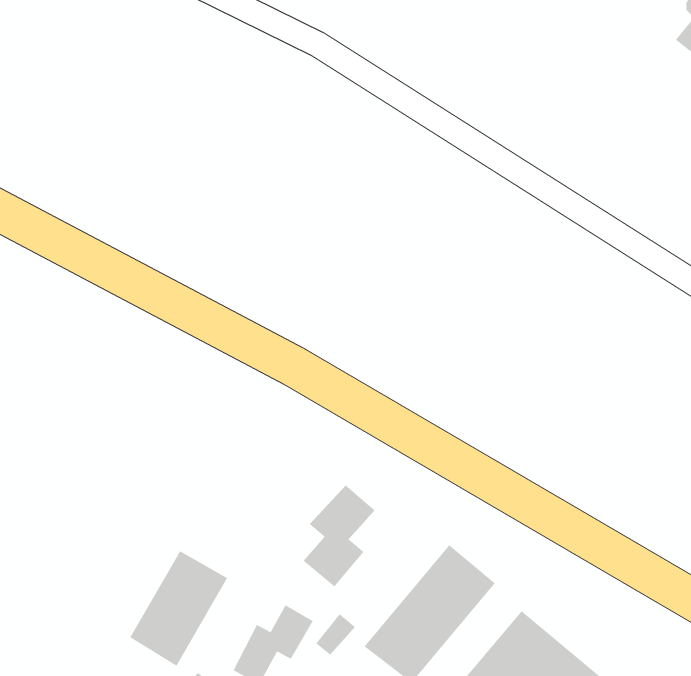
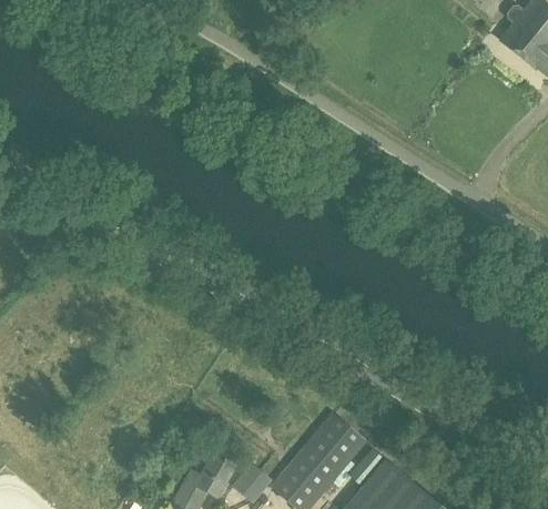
building: [303,485,376,588] -> none
building: [129,550,228,667] -> none

